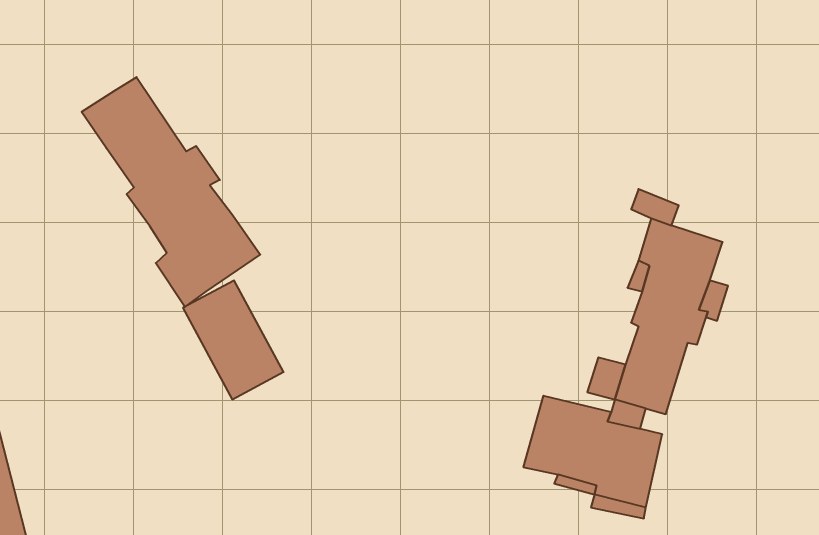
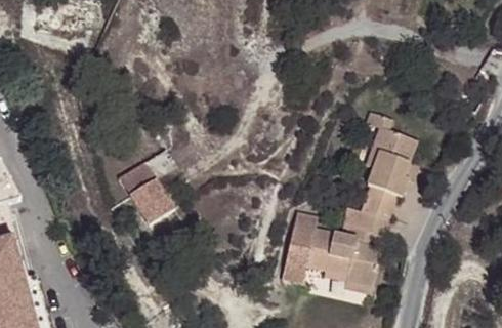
building: [82,77,260,307] -> none
building: none -> [281,210,320,283]

